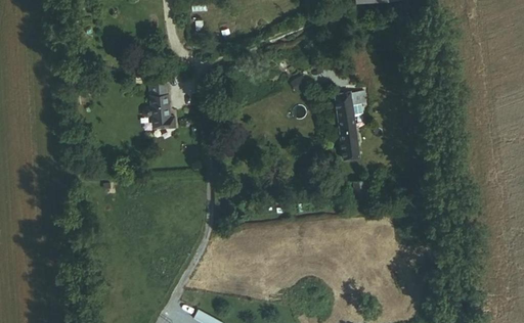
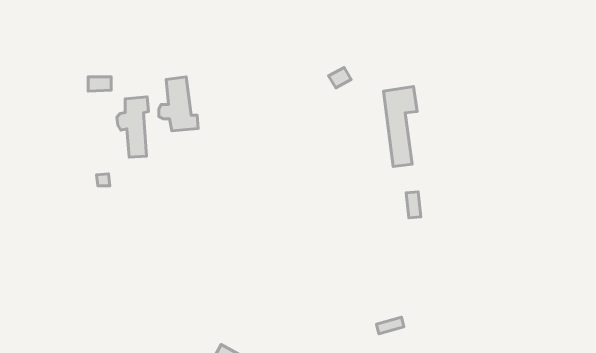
building: none -> [117,97,149,157]

